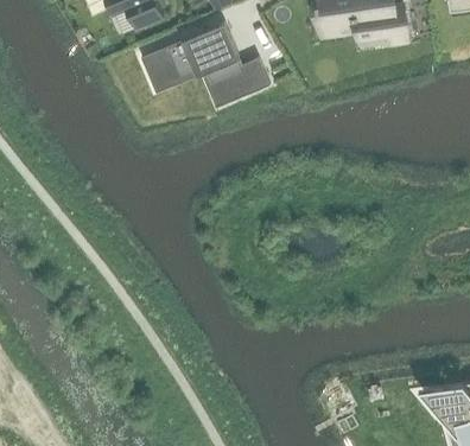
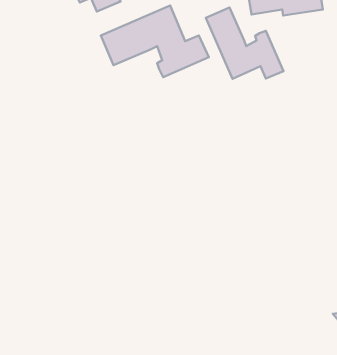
building: none -> [206,8,283,79]

